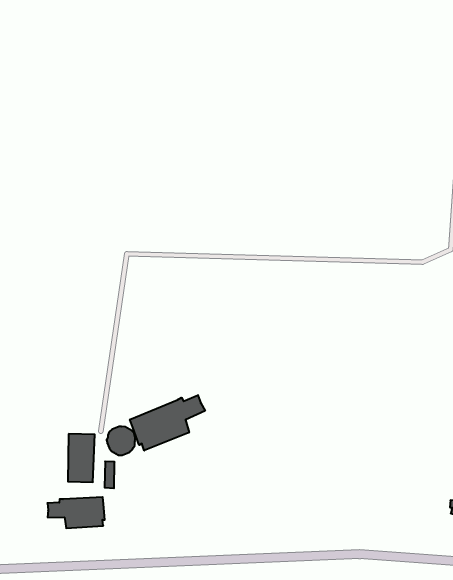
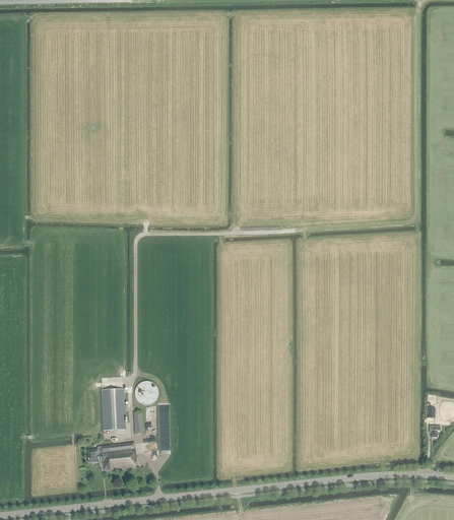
building: [130,395,205,451] -> none

